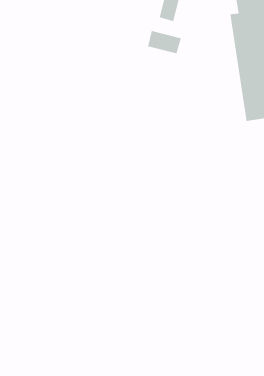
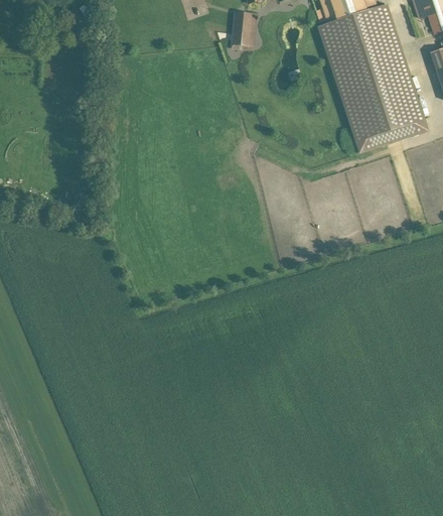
building: [147,30,182,54] -> none

